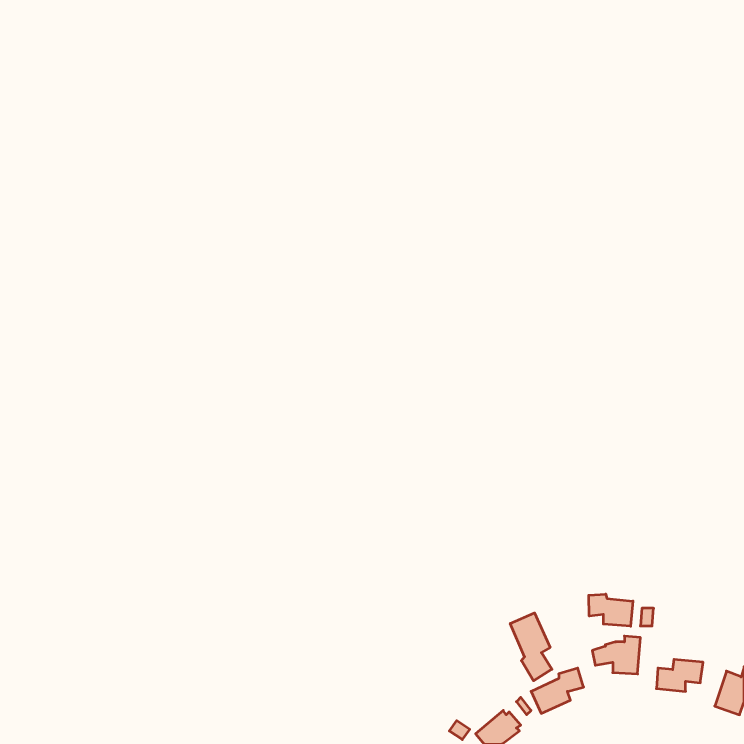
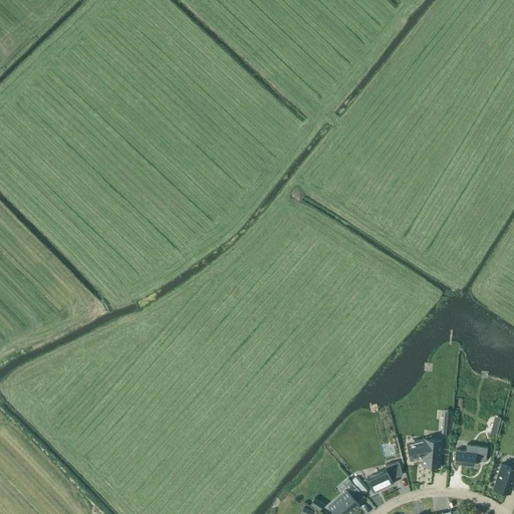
building: [589,594,633,626] -> none
building: [510,613,552,681] -> none

